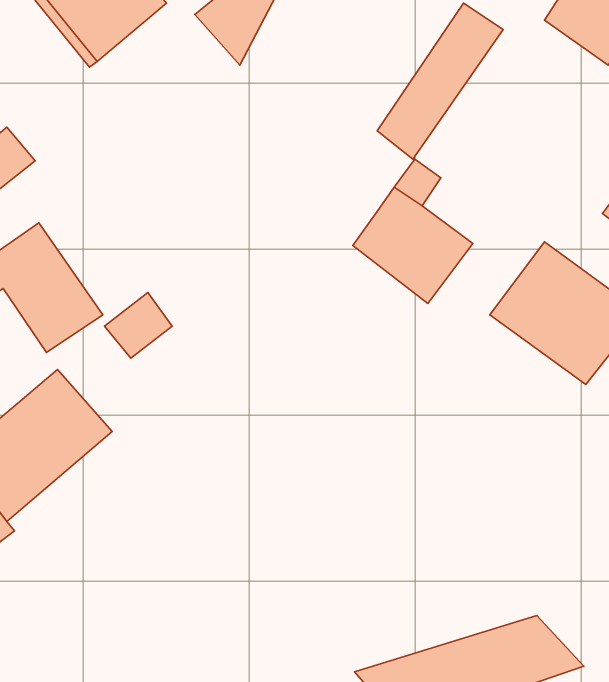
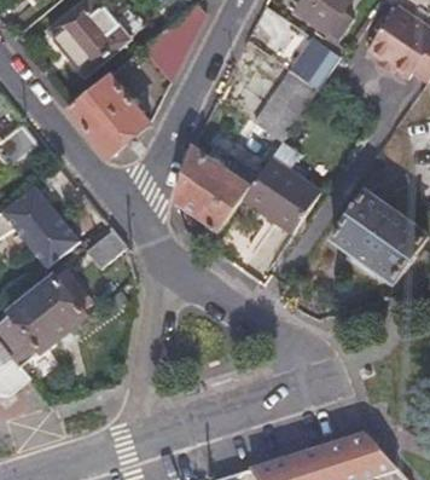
building: none -> [68,74,149,154]
building: none -> [174,143,258,231]

